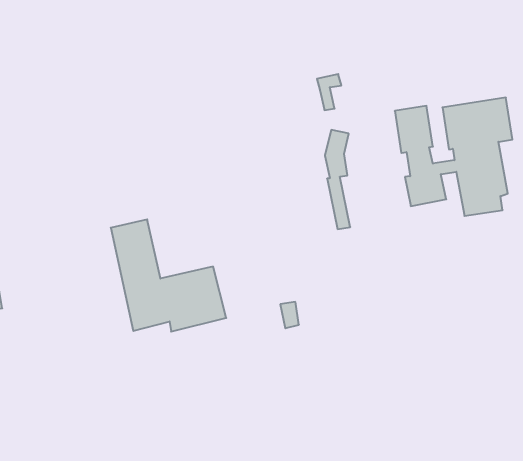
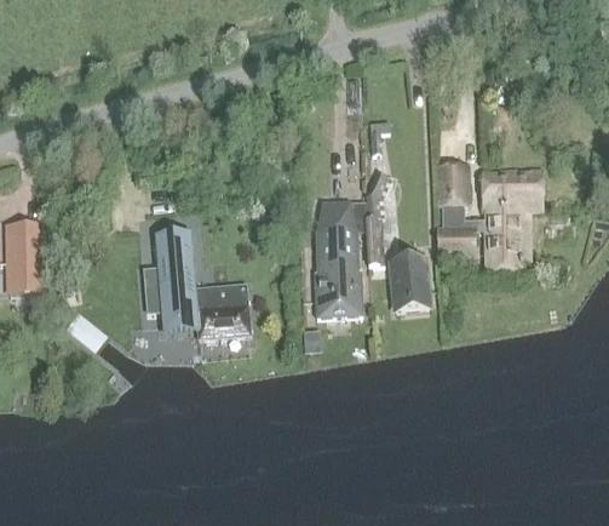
building: none -> [315,200,362,315]
building: none -> [391,257,429,309]

